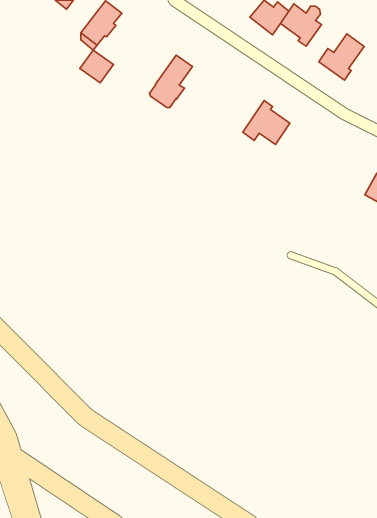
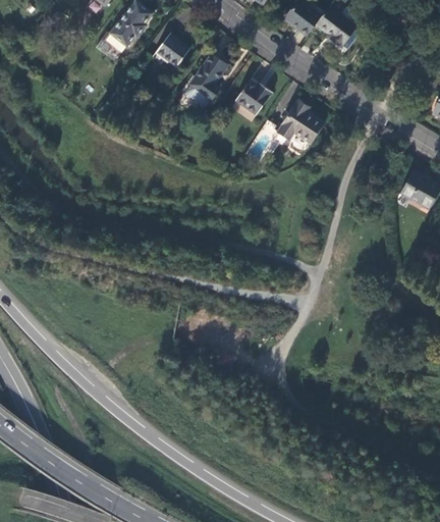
building: [319,34,364,80] -> none
building: [80,50,114,83] -> [155,35,188,67]
building: none -> [234,81,271,115]

